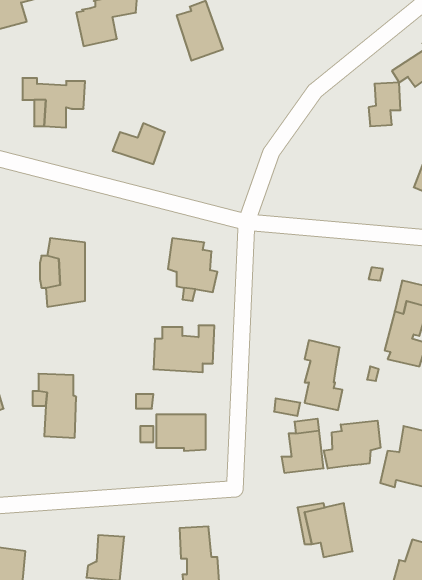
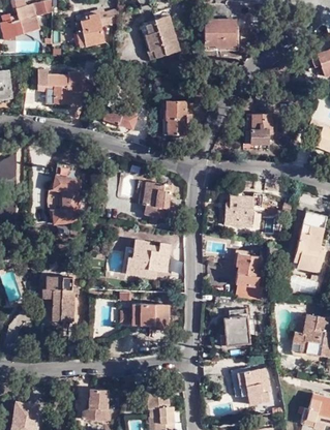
building: none -> [203,19,237,44]
building: [369,83,401,126] -> [248,112,271,143]
building: none -> [164,102,188,134]
building: none -> [227,196,267,227]
building: [324,421,381,469] -> none

